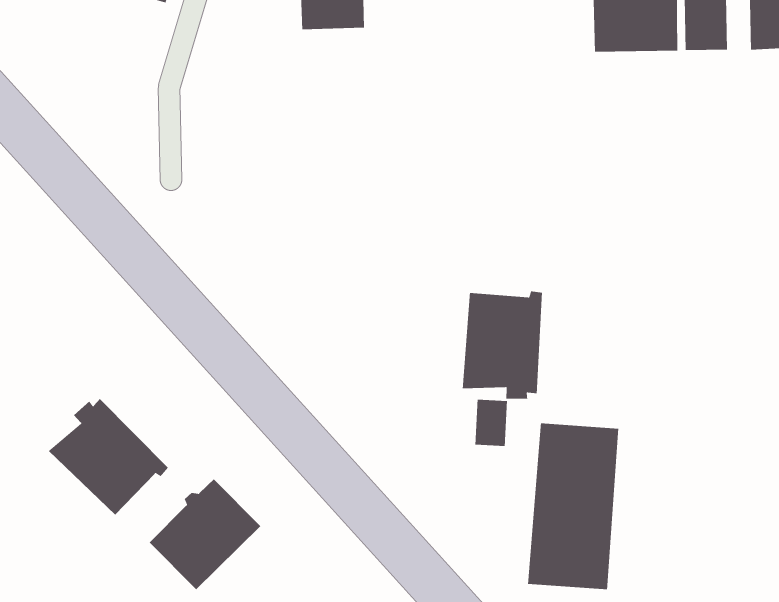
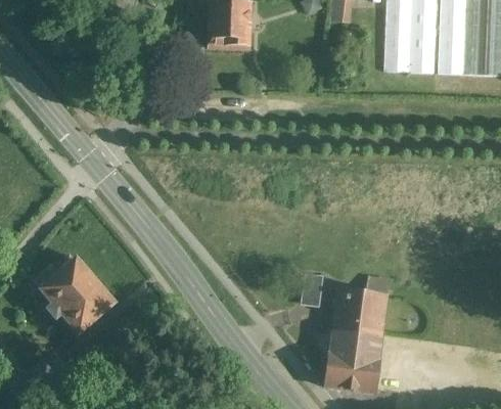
building: [462,291,543,399] -> none
building: [149,478,261,590] -> none

